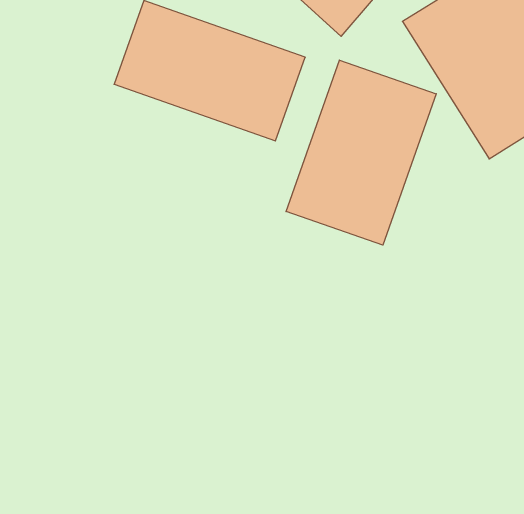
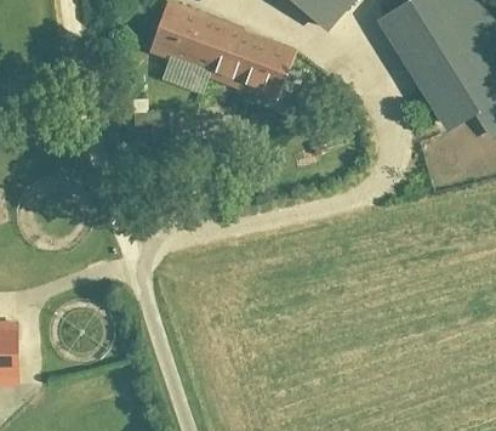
building: [286,60,436,245] -> none

